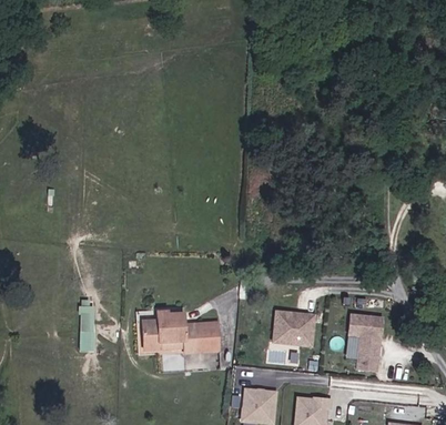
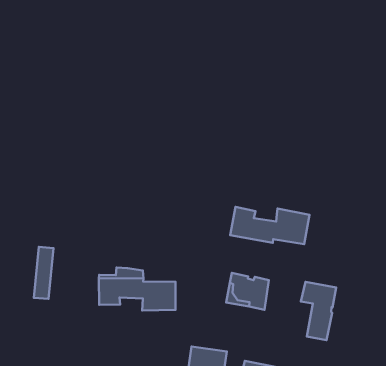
building: none -> [230,207,310,244]

